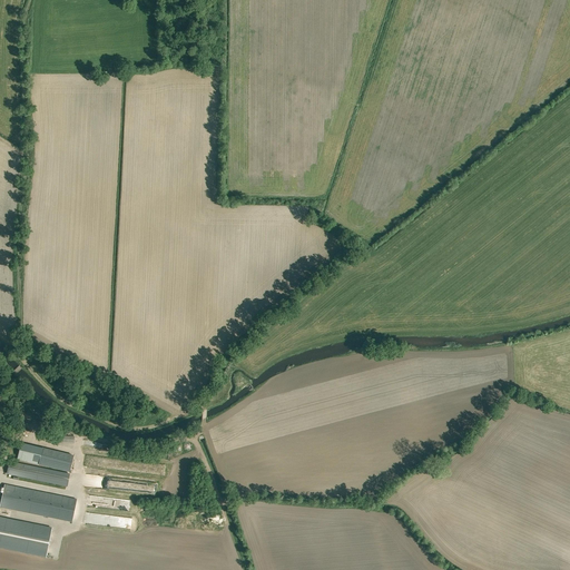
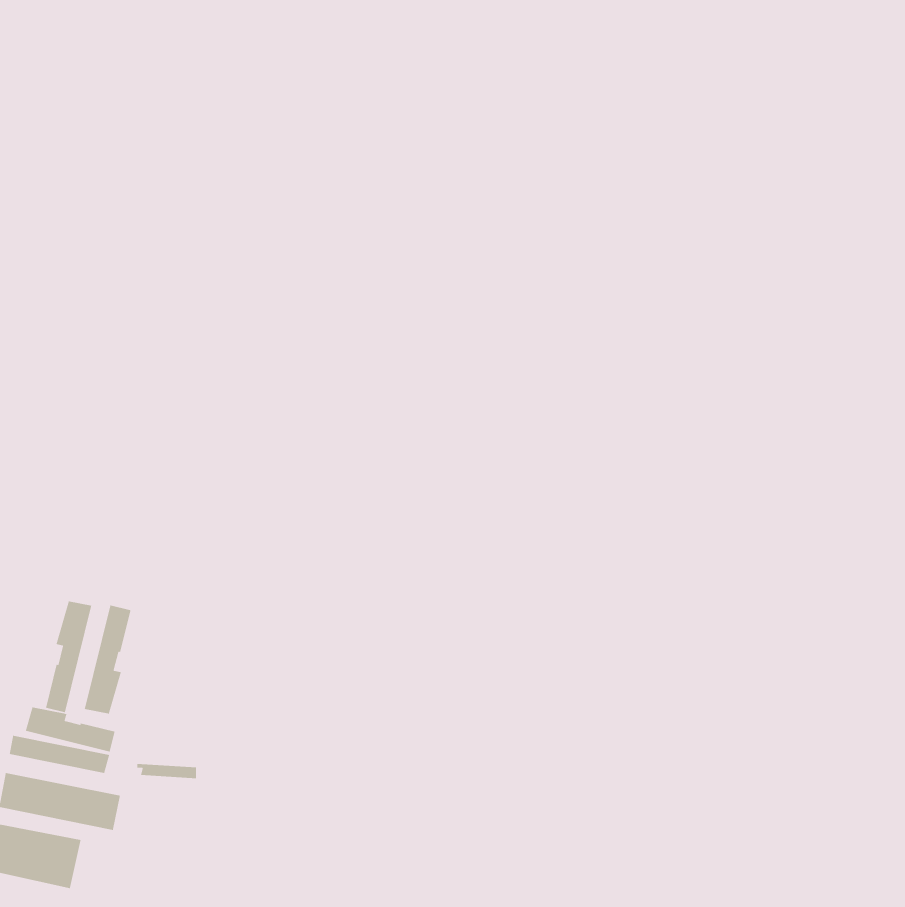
building: none -> [45,600,92,713]
building: none -> [84,604,132,715]

